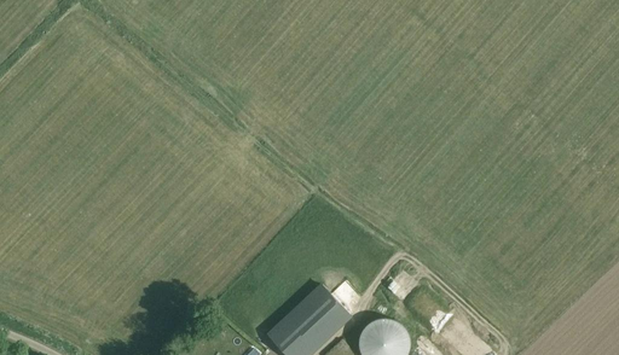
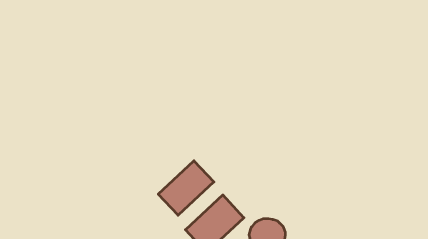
building: none -> [158,161,214,215]

